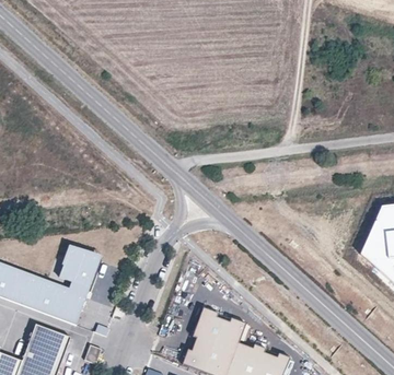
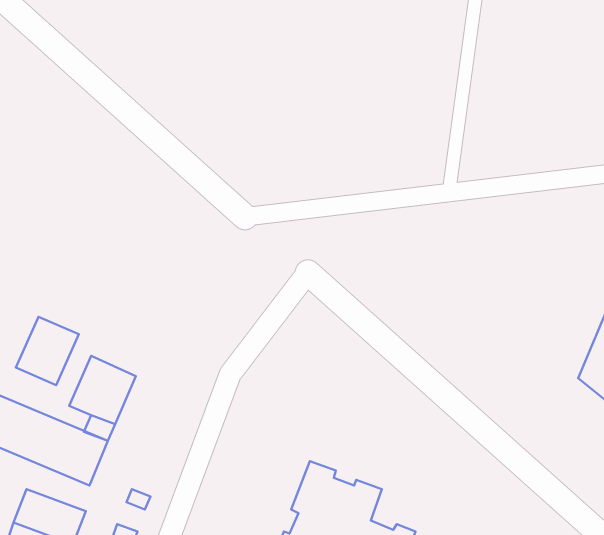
building: none -> [16,317,79,385]

